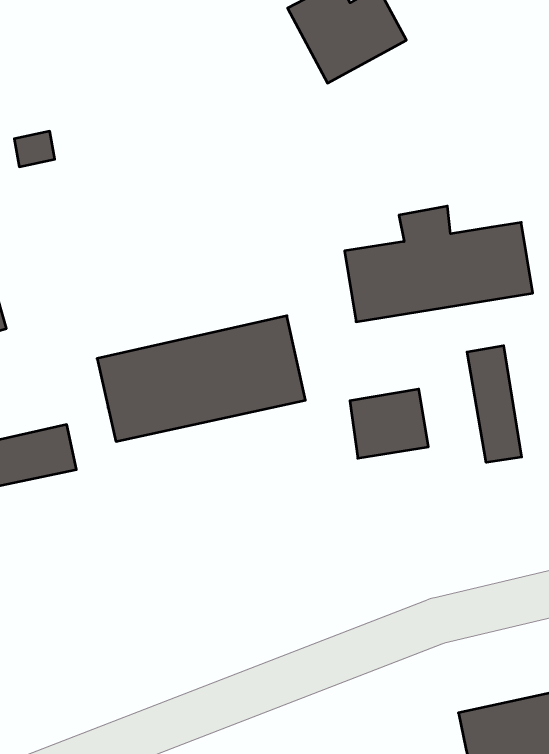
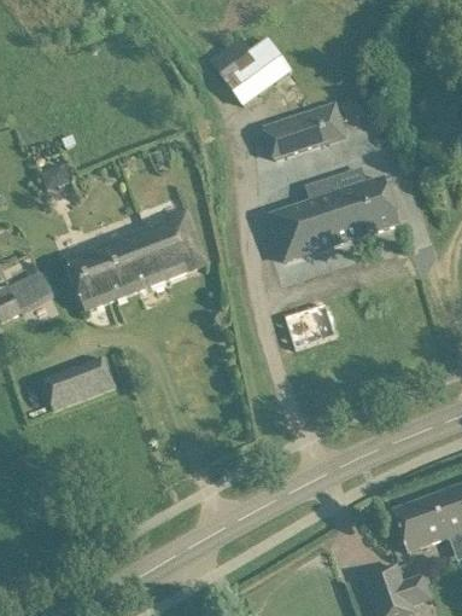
building: none -> [264,103,344,158]
building: [97,316,305,441] -> [65,210,207,310]
building: [467,346,522,462] -> none

